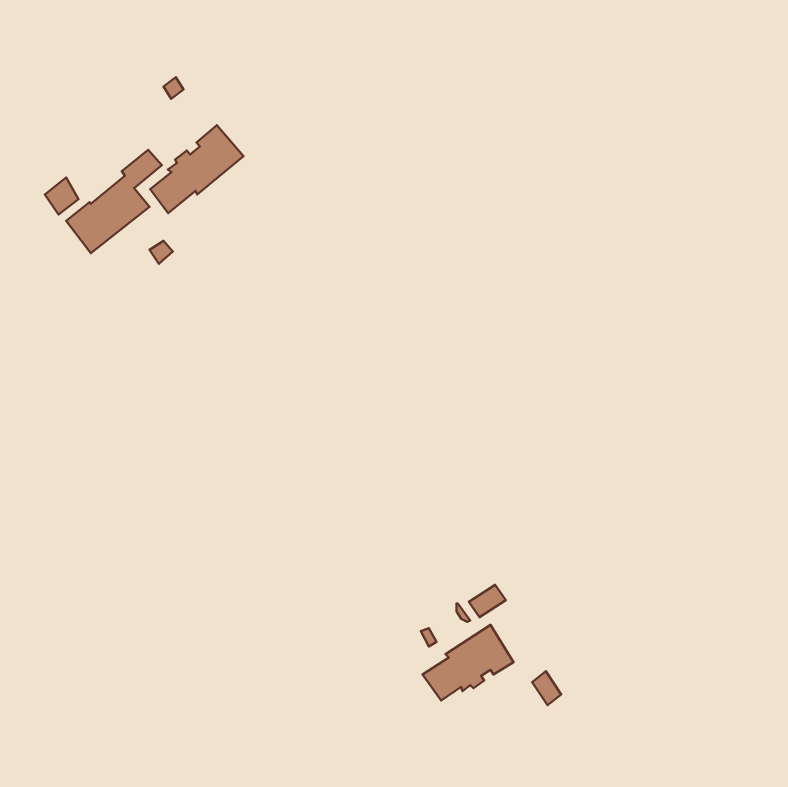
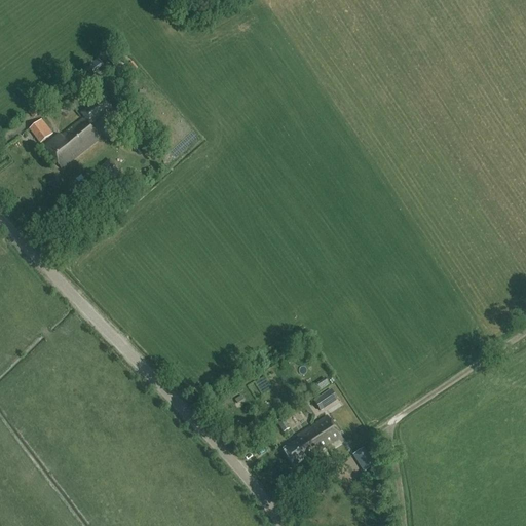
building: [150,125,244,213] -> none

